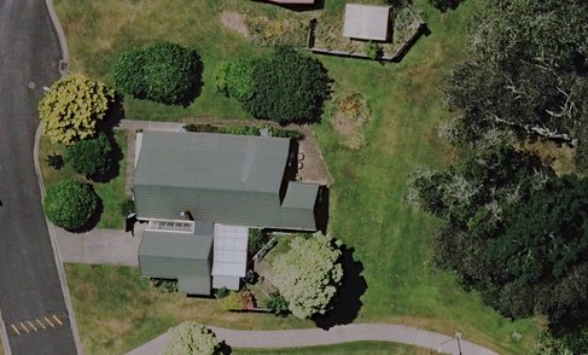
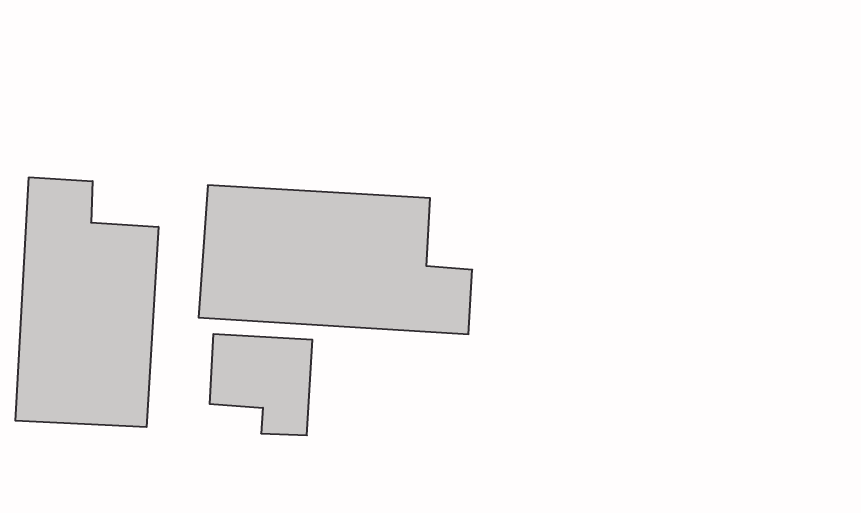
building: none -> [15,177,158,427]

